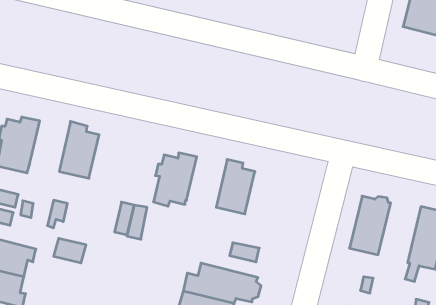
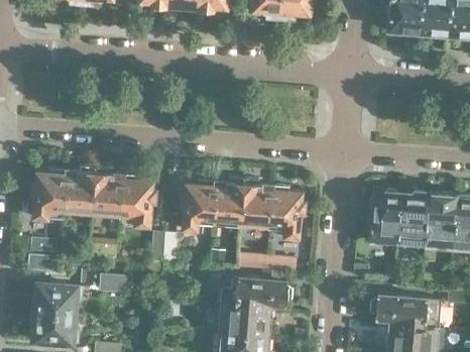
building: none -> [63,165,94,214]
building: none -> [119,174,154,227]
building: none -> [212,178,243,229]
building: none -> [266,186,305,238]
building: none -> [395,193,428,247]

